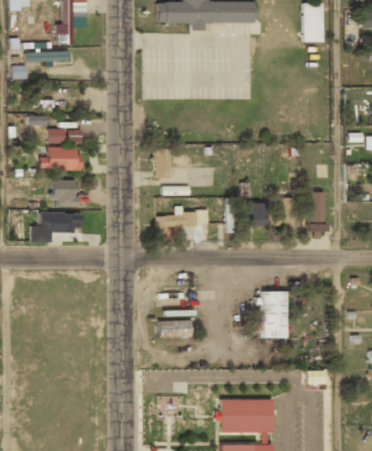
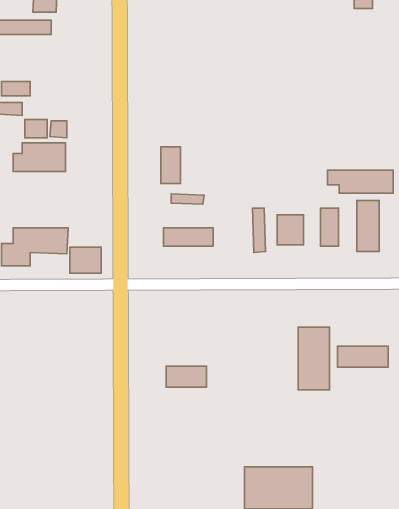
building: none -> [328,170,393,193]
building: [53,179,77,199] -> [70,247,101,273]
building: none -> [337,346,388,367]

